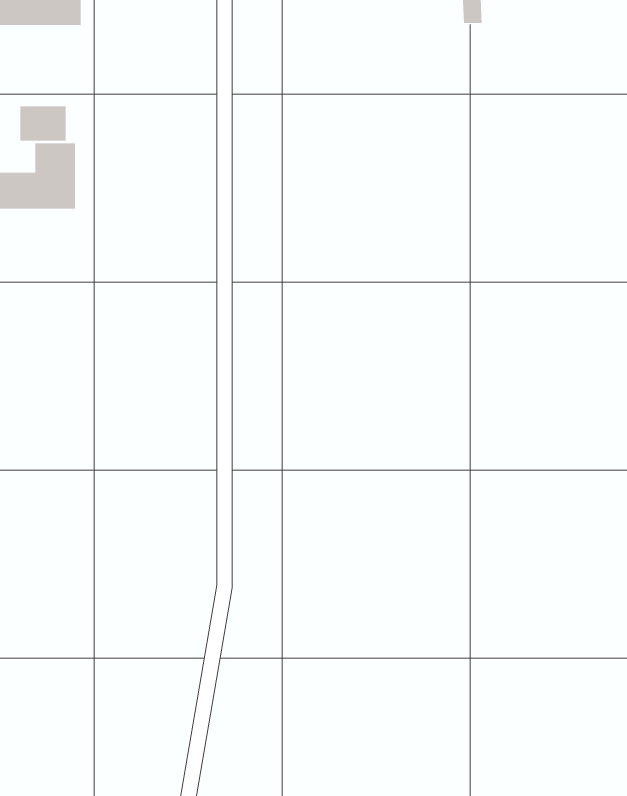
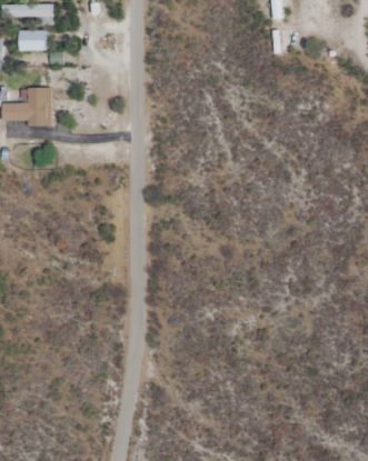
building: [19,106,66,141] -> [20,30,47,50]

